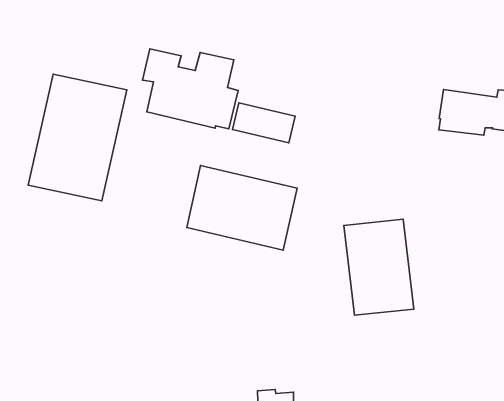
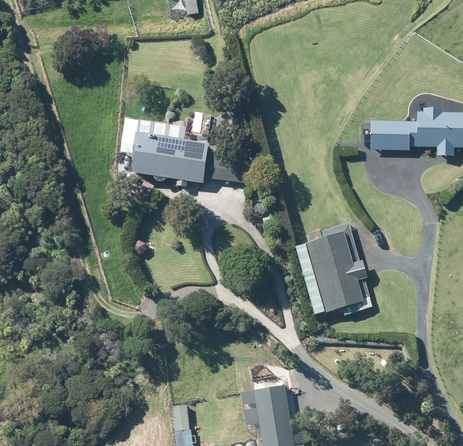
building: [28,74,127,201] -> none
building: [187,165,297,250] -> none

